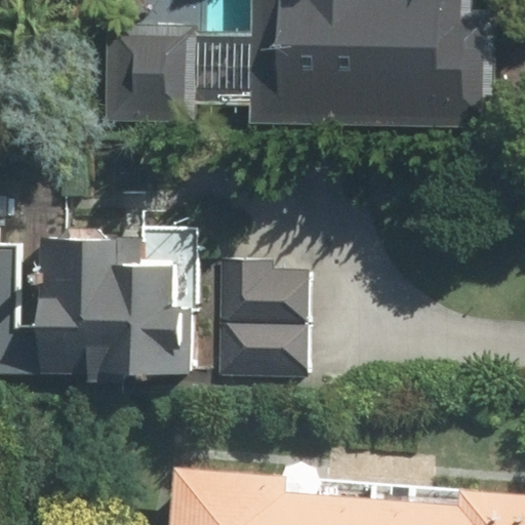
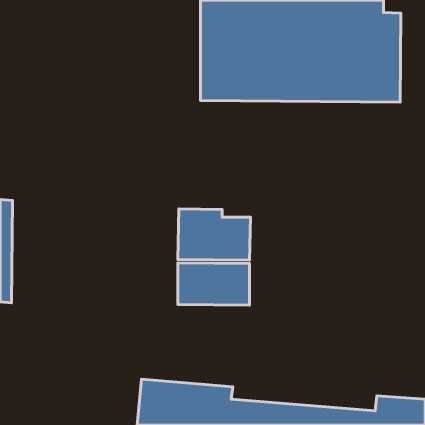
building: [100,29,197,129] -> none
building: [44,236,186,371] -> none

